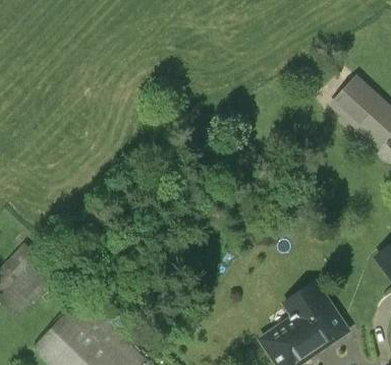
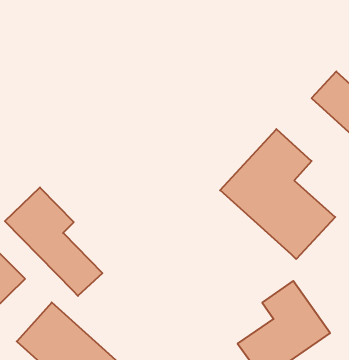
building: none -> [220,129,335,259]
building: none -> [5,187,102,296]

